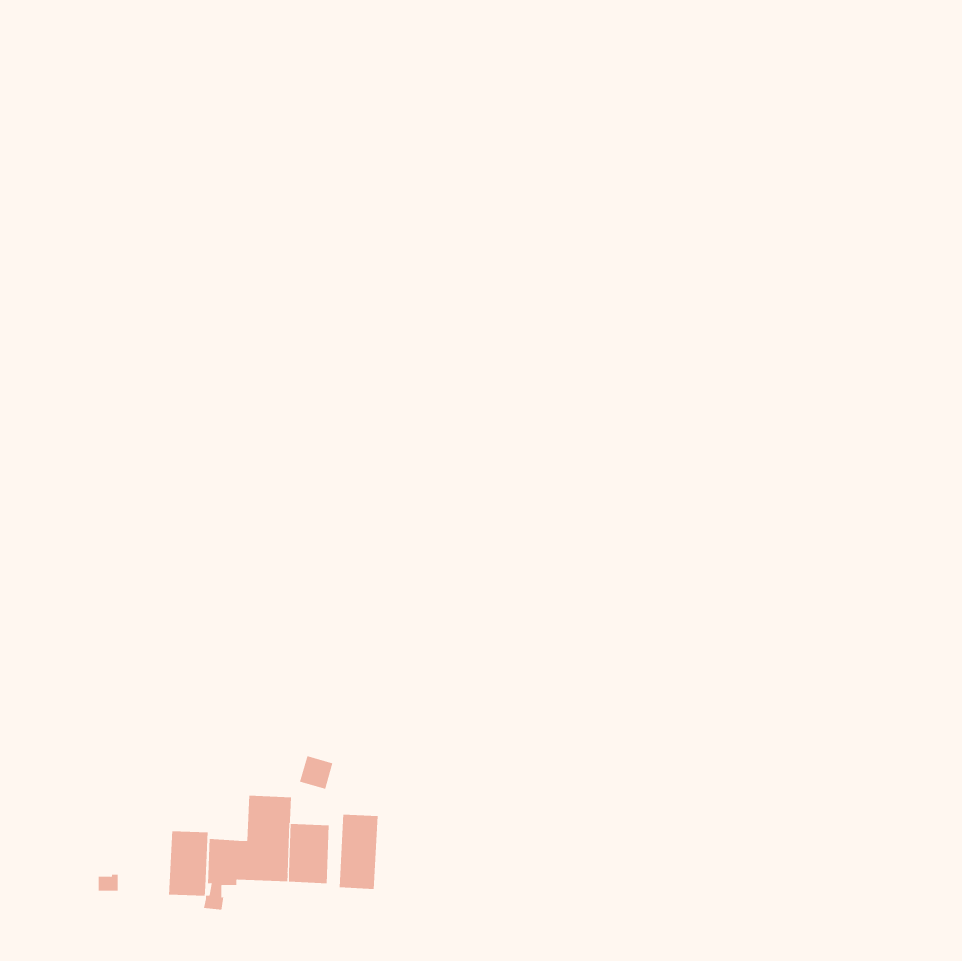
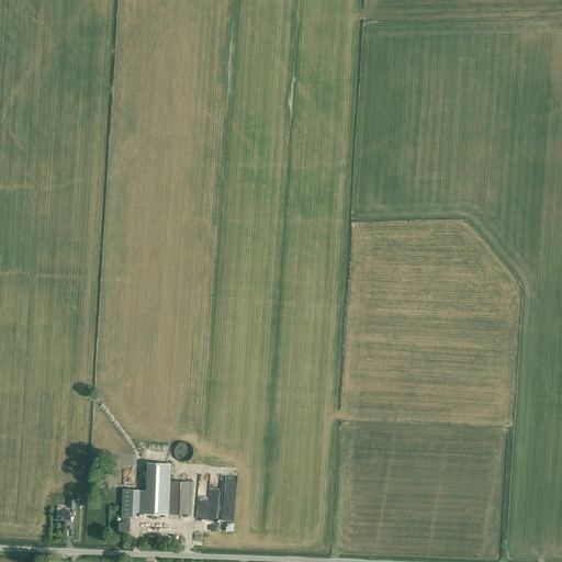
building: [168,831,208,896] -> none

